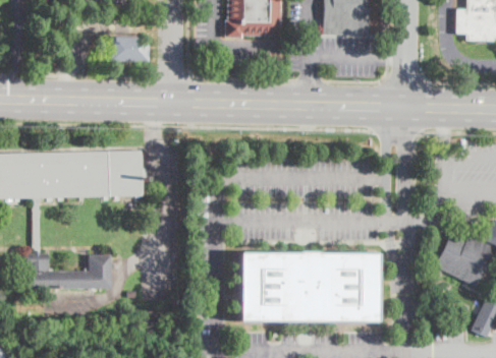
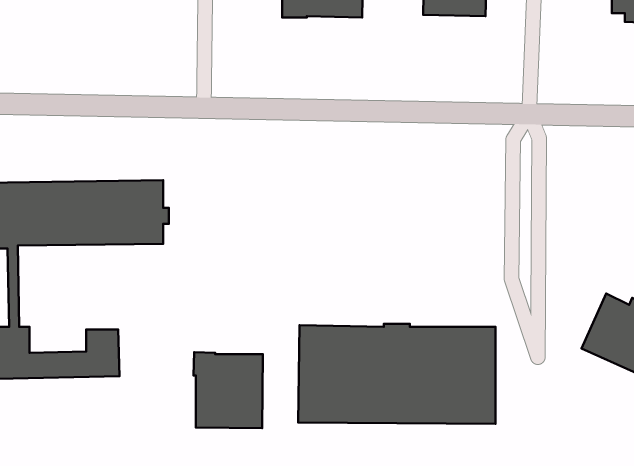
building: [113,37,152,61] -> none
building: none -> [193,352,263,428]

